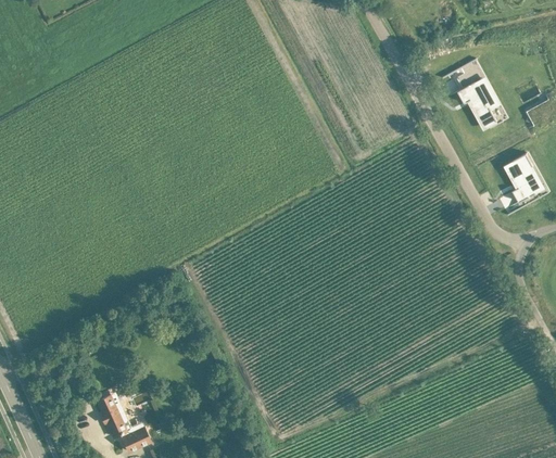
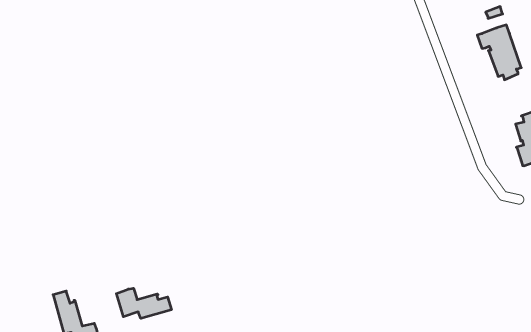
building: none -> [116,288,171,318]

